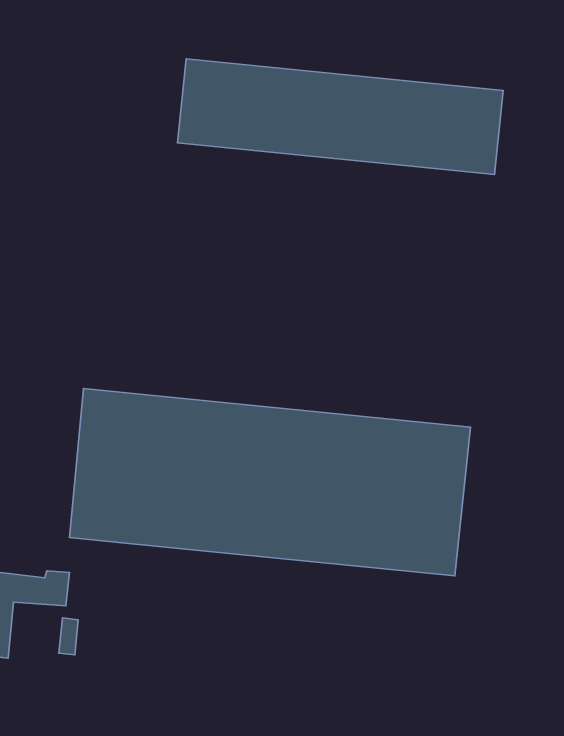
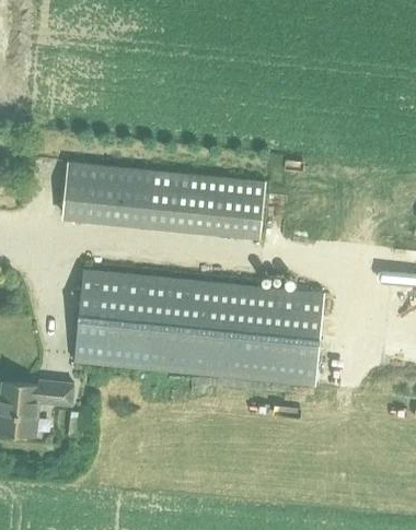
building: [177,59,503,174] -> [61,163,265,235]

